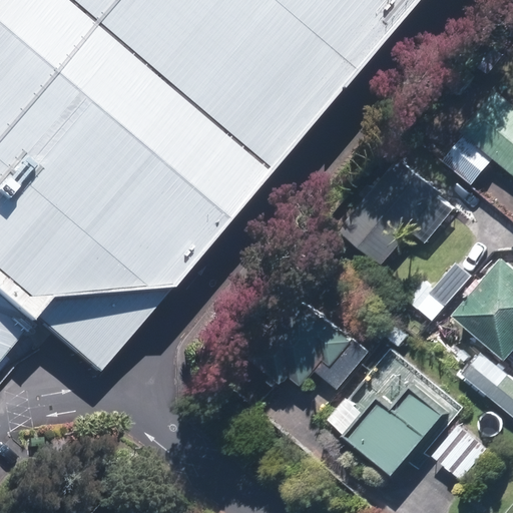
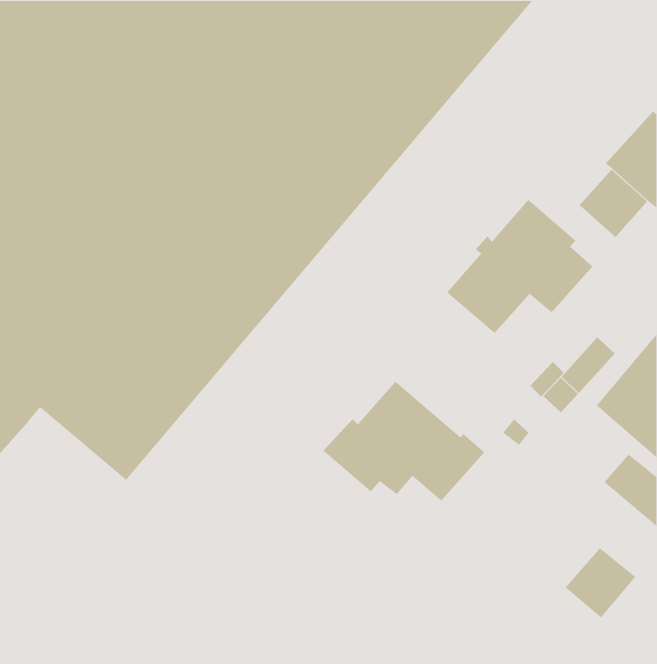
building: [333,346,463,476] -> none

